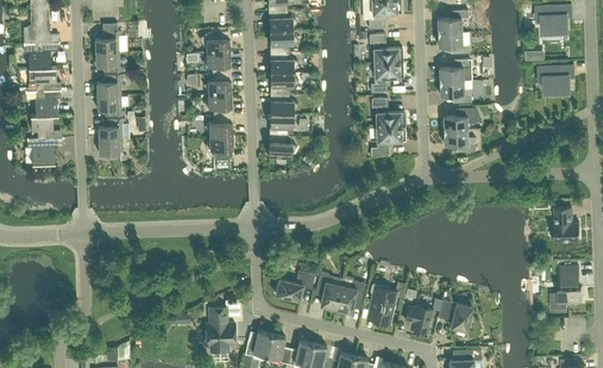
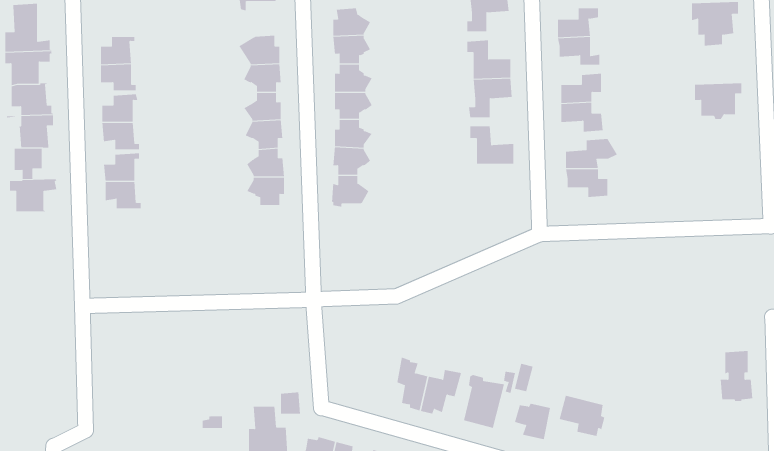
building: [370,126,406,156] -> none
building: [553,206,580,241] -> none
building: [275,269,315,300] -> none

